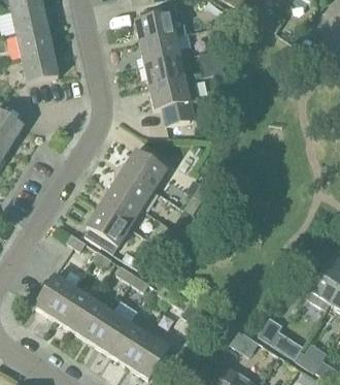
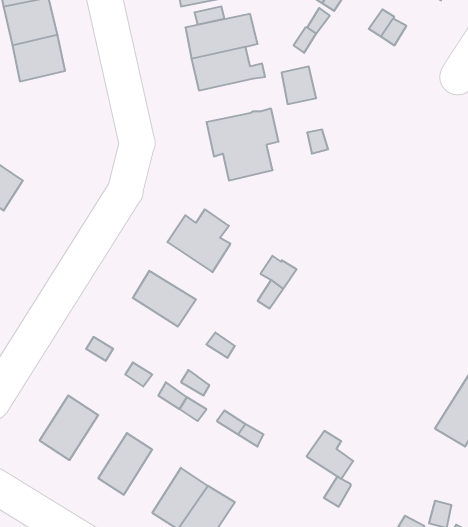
building: [21,51,58,83] -> none
building: [143,55,191,86] -> none
building: [109,168,152,207] -> none
building: [86,206,129,246] -> none
building: [55,287,94,330] -> none
building: [92,311,131,354] -> none
building: [258,317,290,350] -> [307,431,353,479]

